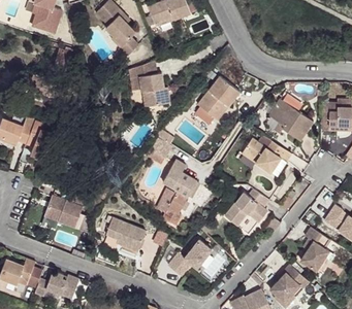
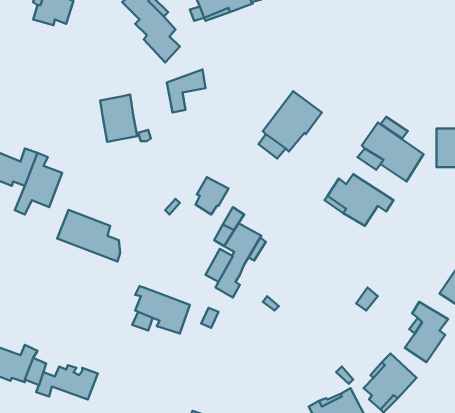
building: [139,73,166,107] -> [100,95,137,142]
building: [224,190,268,224] -> none
building: [43,196,89,233] -> [57,210,120,262]
building: [167,240,211,276] -> none

